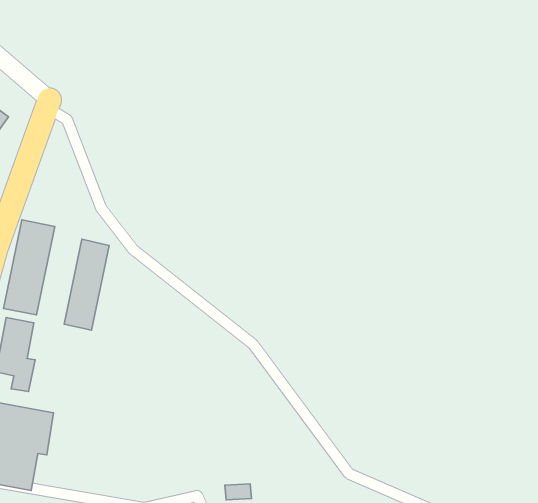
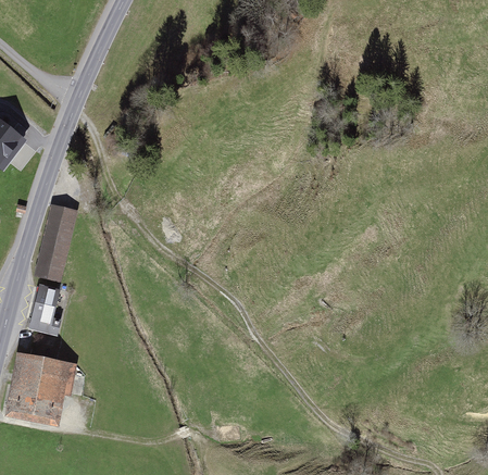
building: [64,239,109,330] -> none

